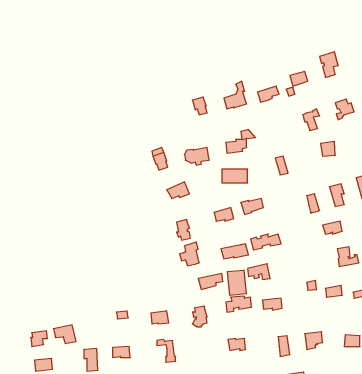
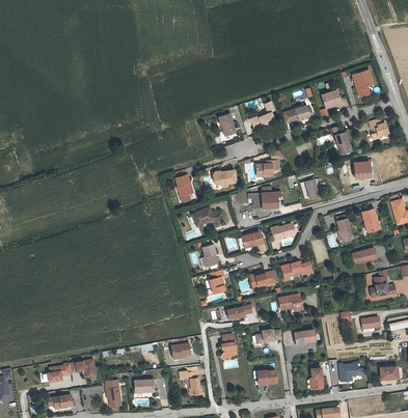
building: [228,270,246,295] -> none

